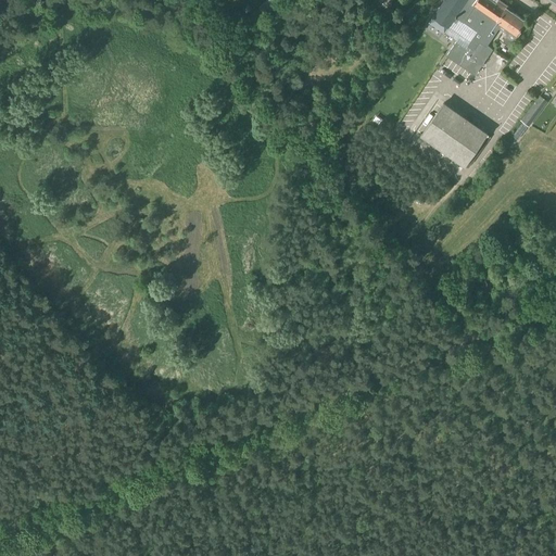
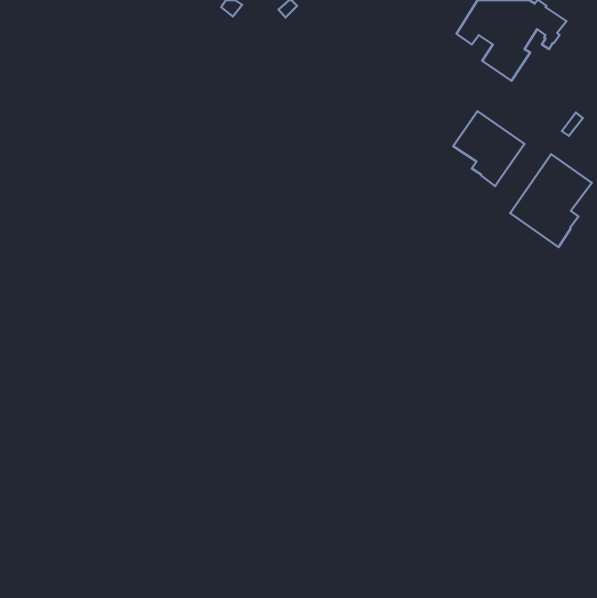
building: none -> [510,154,592,247]

